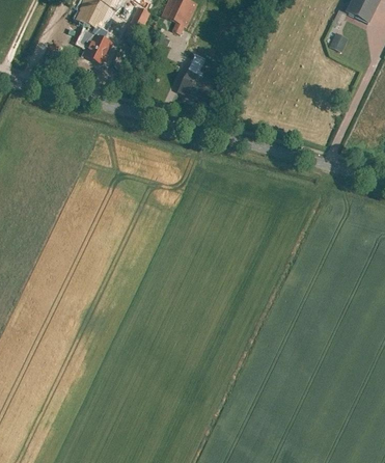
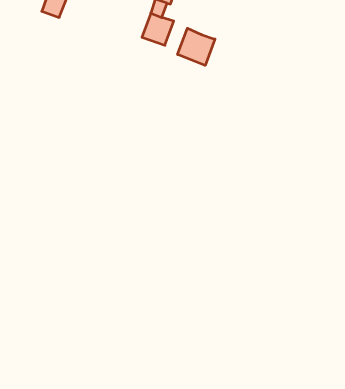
building: none -> [178,28,215,65]

